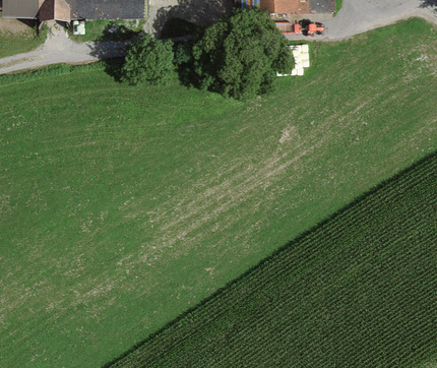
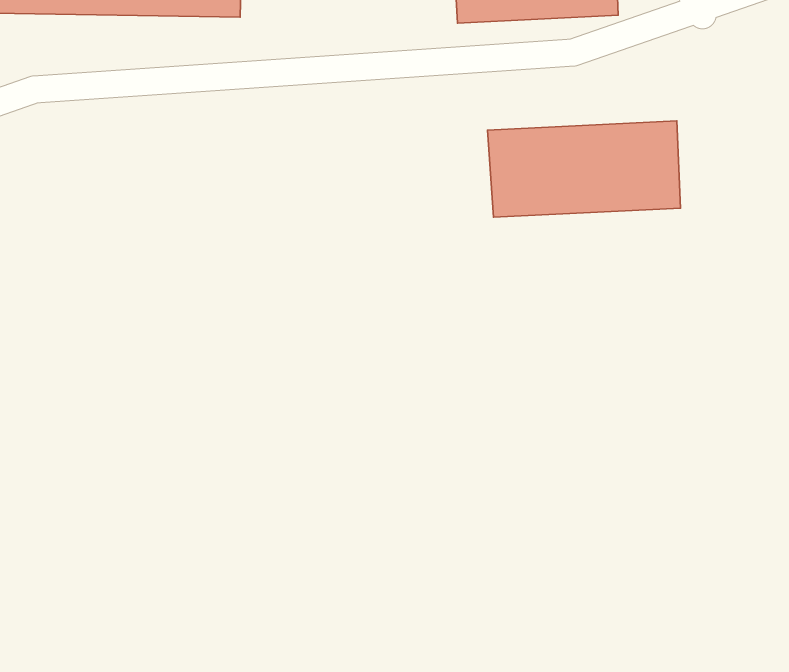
building: none -> [488,121,680,217]

